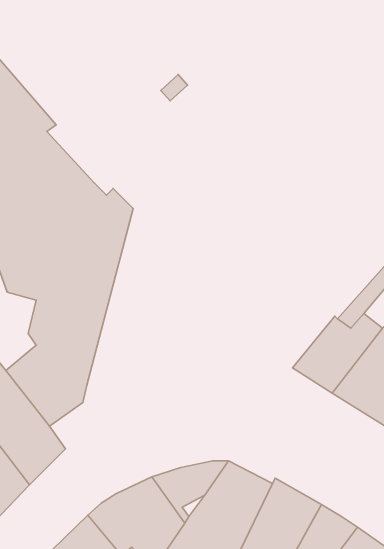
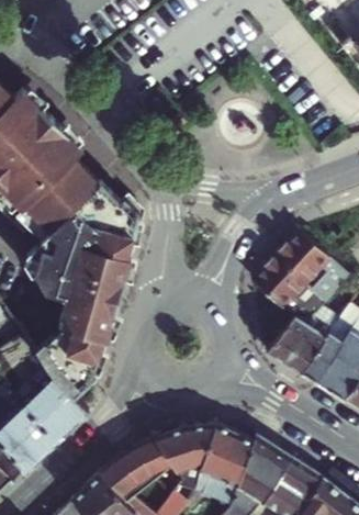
building: none -> [258,228,339,310]

